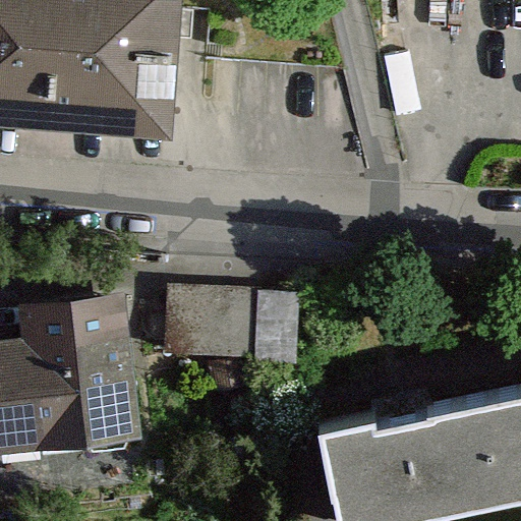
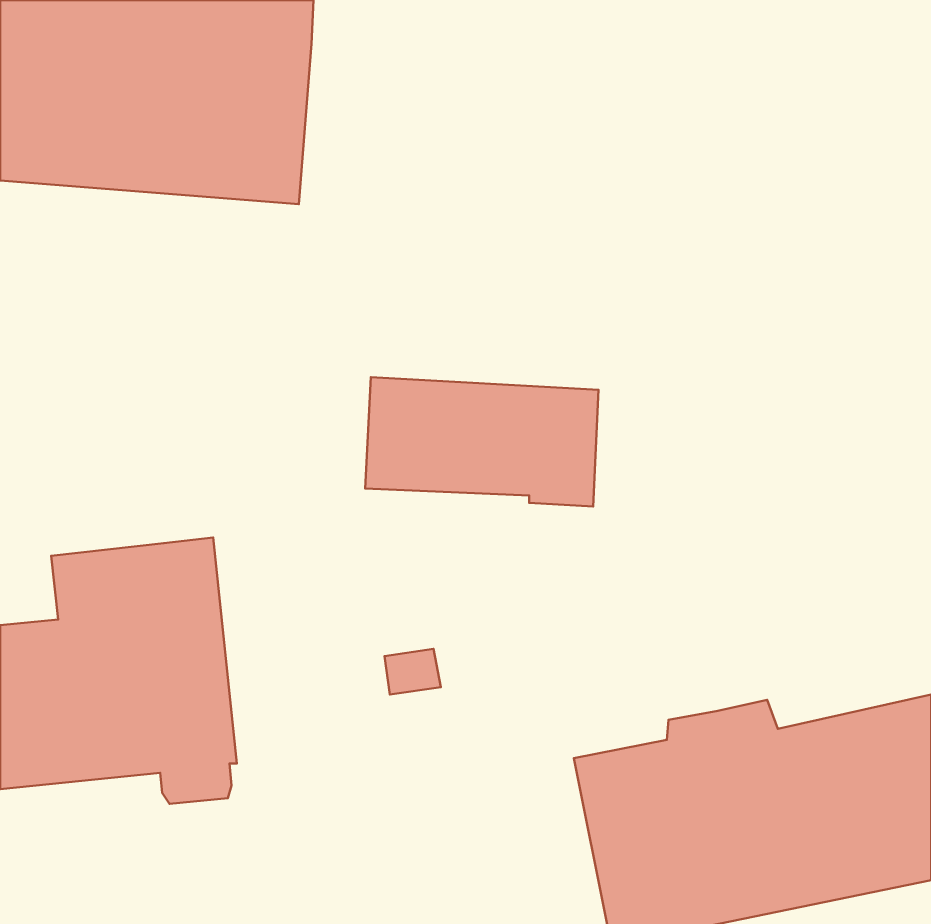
building: [168,292,298,364] -> [365,377,598,507]

